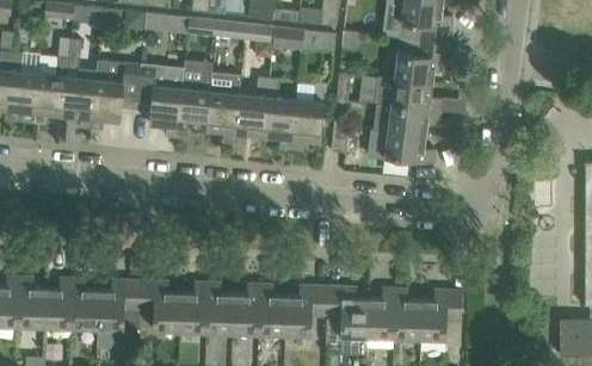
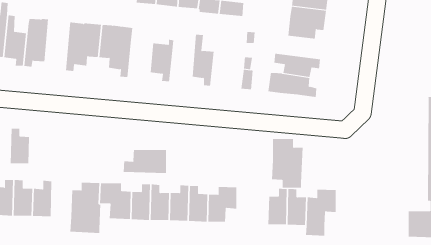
building: [63,39,95,126] -> none
building: [177,70,212,137] -> none
building: [234,75,269,143] -> none
building: [375,76,443,111] -> none
building: [290,81,327,149] -> none
building: none -> [123,149,166,174]
building: [72,278,99,327] -> [10,128,30,164]
building: [325,286,369,354] -> [271,139,303,188]

